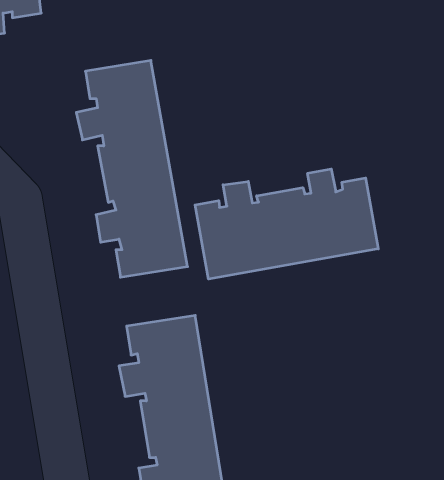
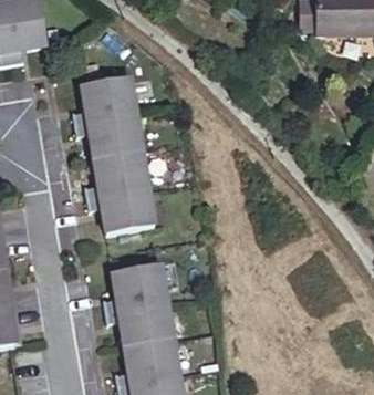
building: [195,169,378,279] -> none

